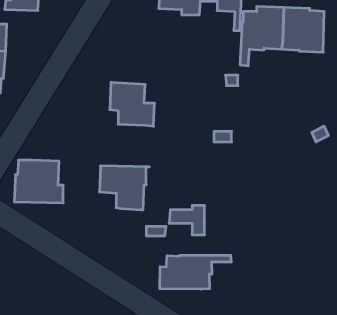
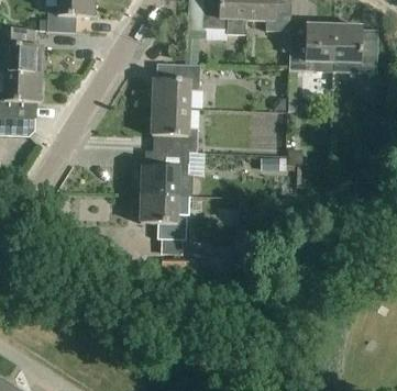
building: none -> [152,64,200,109]
building: [14,160,63,203] -> [141,150,192,196]
building: [160,255,231,289] -> none

